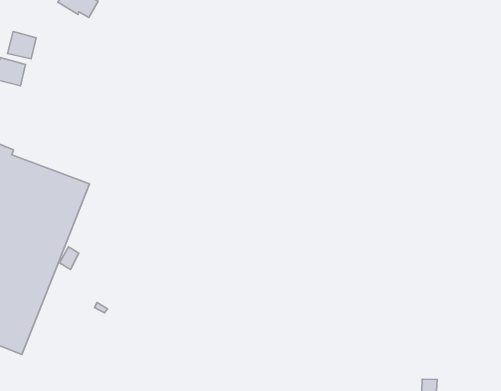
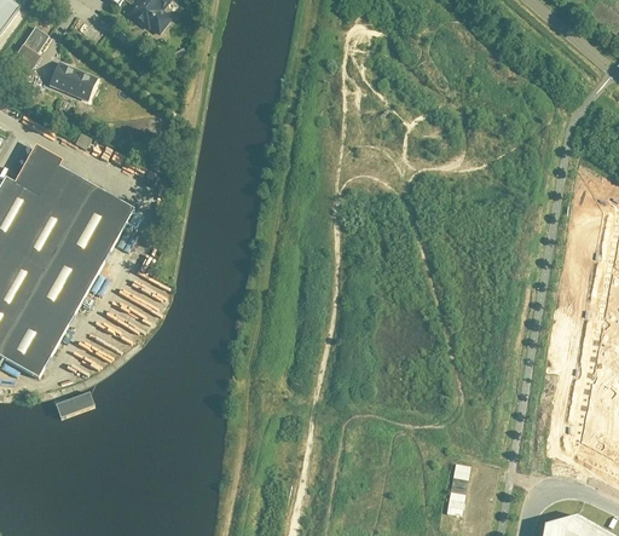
building: [8,32,36,59] -> none

